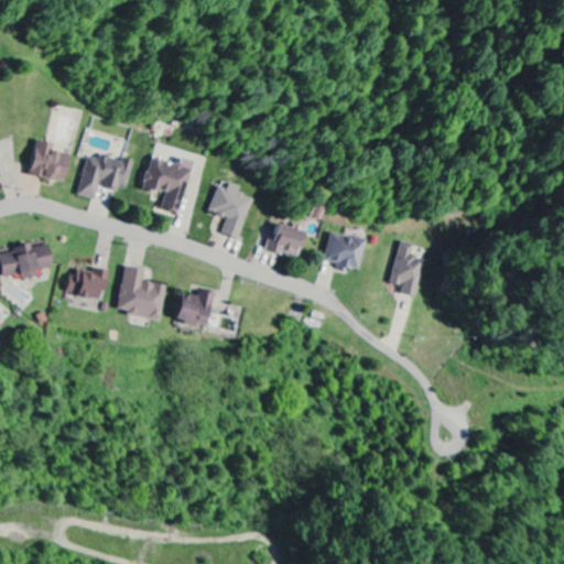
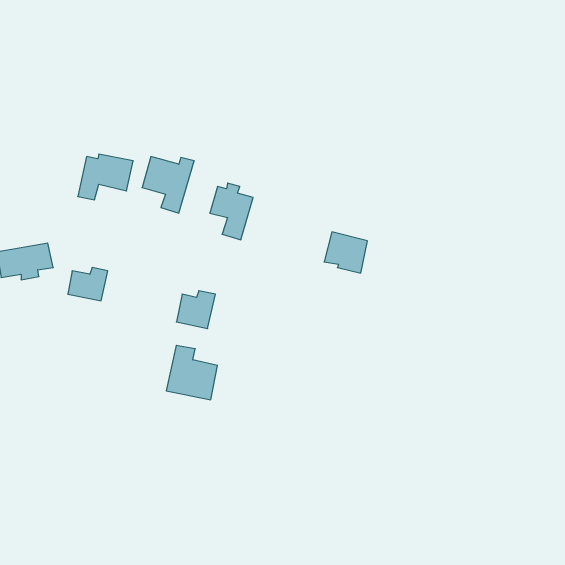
building: [30,139,69,181] -> none
building: [267,220,304,257] -> none
building: [388,240,425,296] -> none
building: [115,265,165,319] -> [166,345,217,400]

